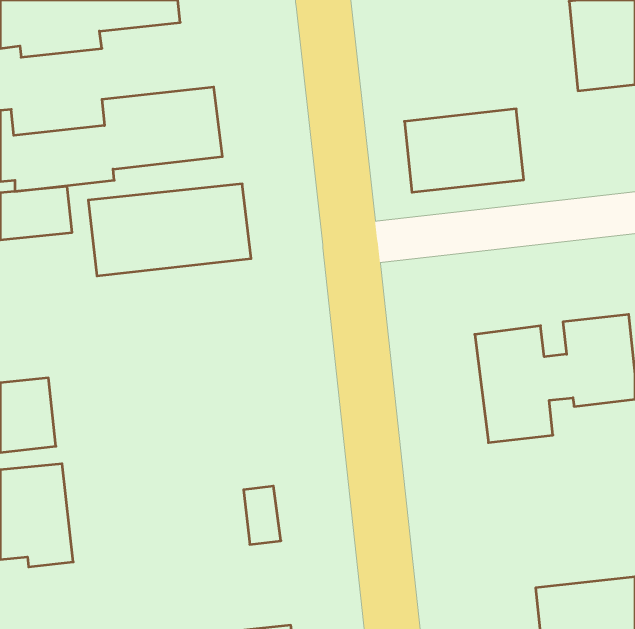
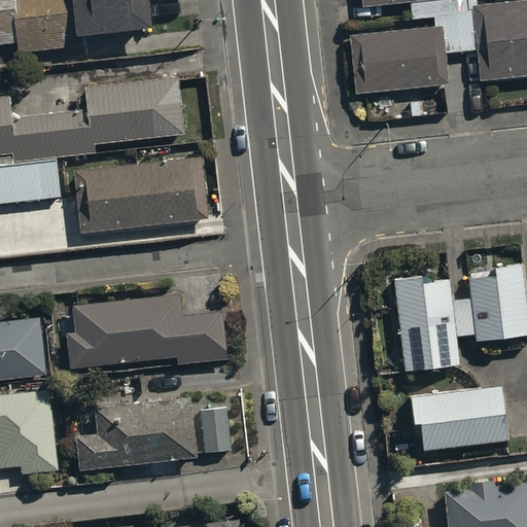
building: [404,109,524,192] -> [349,26,448,95]
building: none -> [67,293,226,370]
building: none -> [416,387,507,451]
building: none -> [77,396,199,470]

